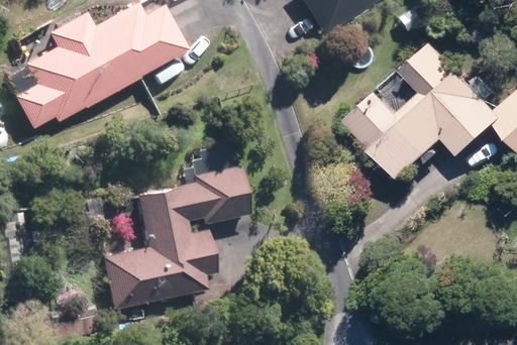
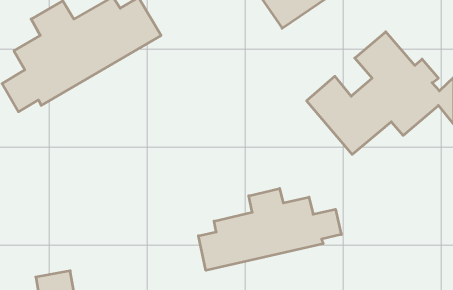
building: [104,161,252,311] -> none
building: none -> [198,188,341,270]

